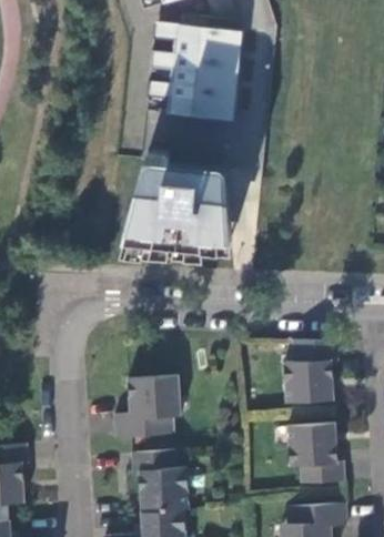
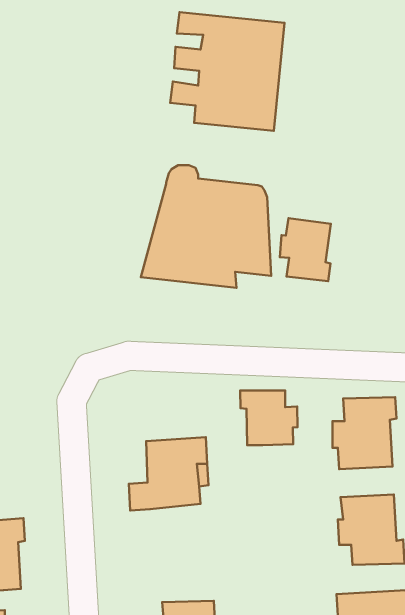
building: none -> [280,218,331,281]
building: none -> [240,391,298,445]
building: [133,452,189,513] -> none

